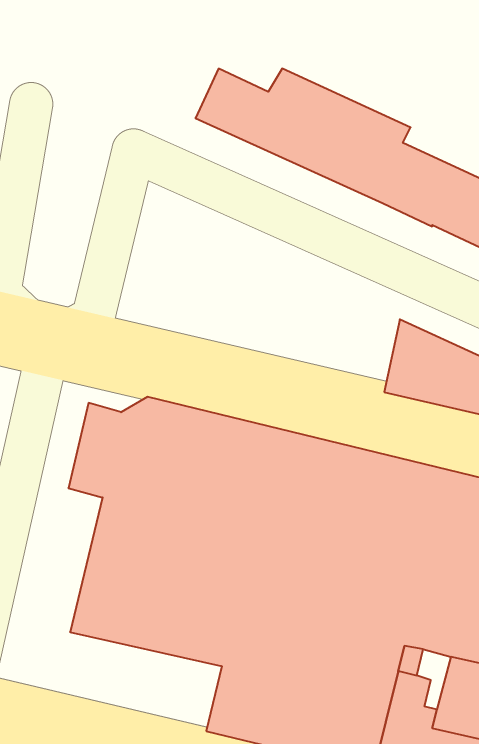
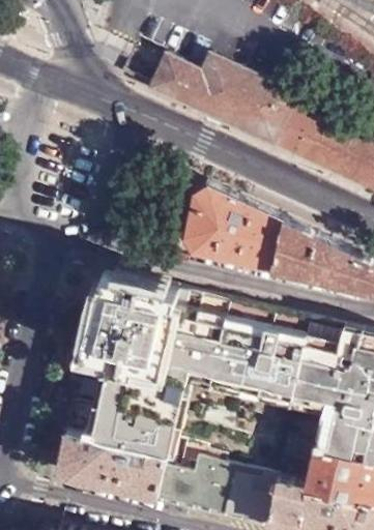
building: none -> [186,190,285,273]
building: none -> [58,434,166,500]

